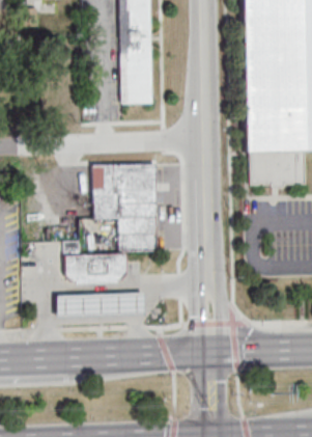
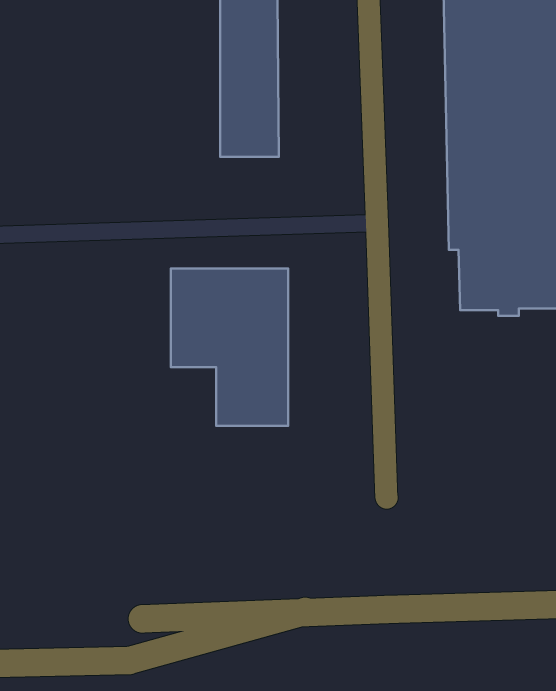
building: [61,241,122,282] -> none
building: [54,292,143,316] -> none

